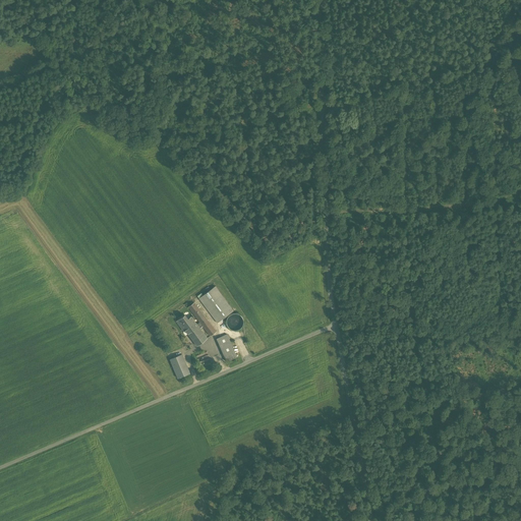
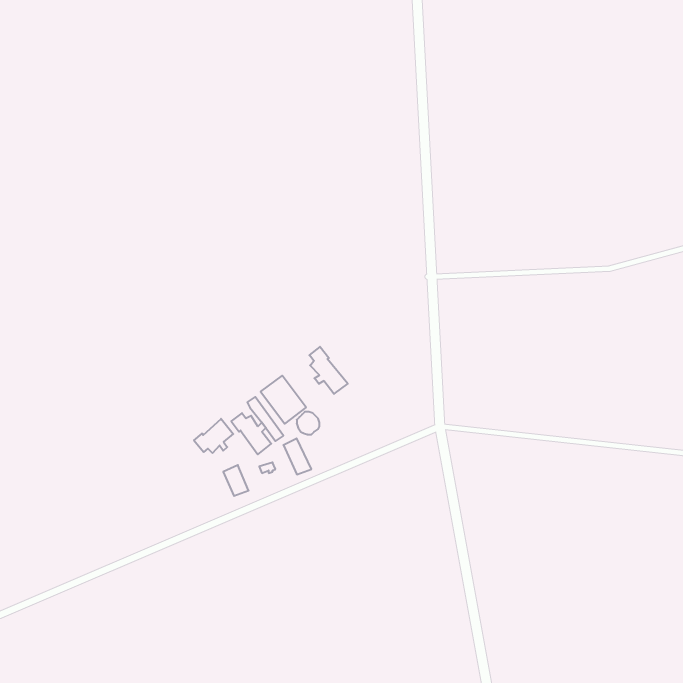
building: none -> [309,347,348,394]
building: none -> [194,419,233,453]

